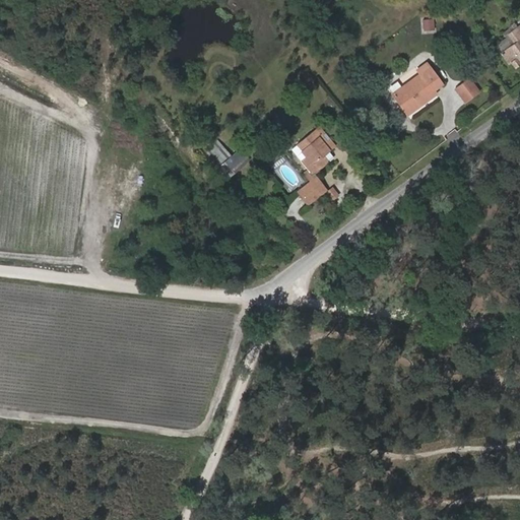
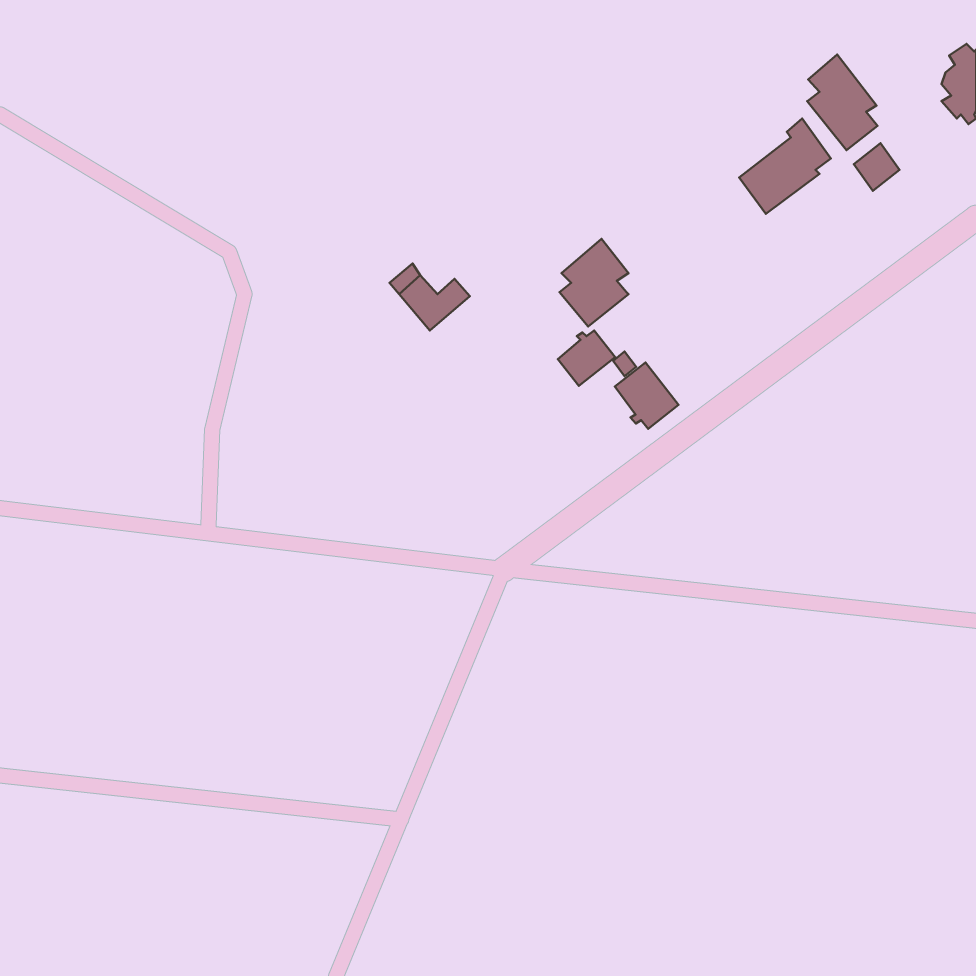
building: none -> [807,55,877,150]
building: none -> [615,363,679,429]

